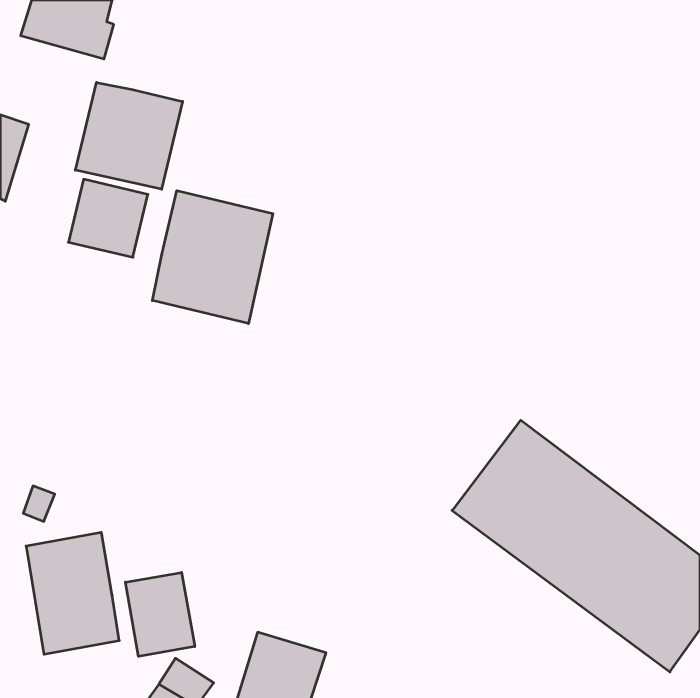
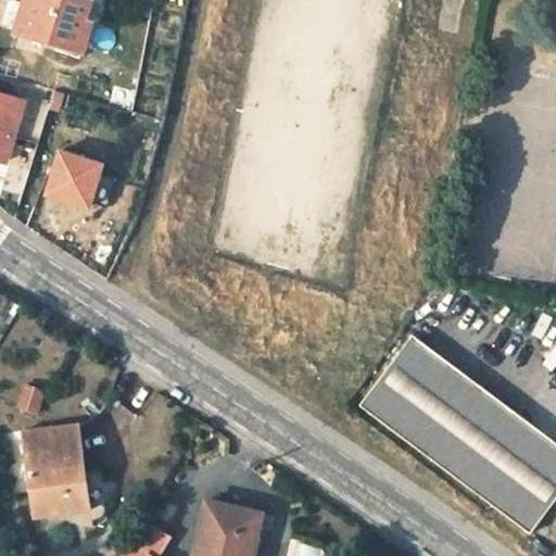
building: [75,82,183,189] -> none
building: [152,191,273,324] -> none
building: [125,572,195,656] -> none

